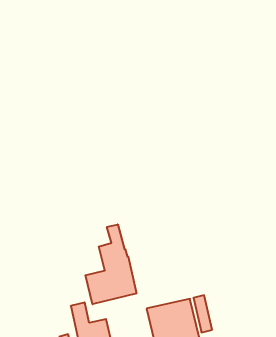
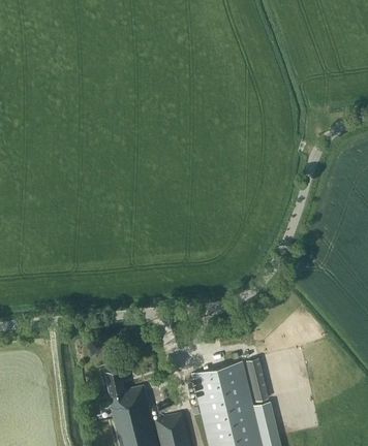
building: [85,224,136,304] -> none

